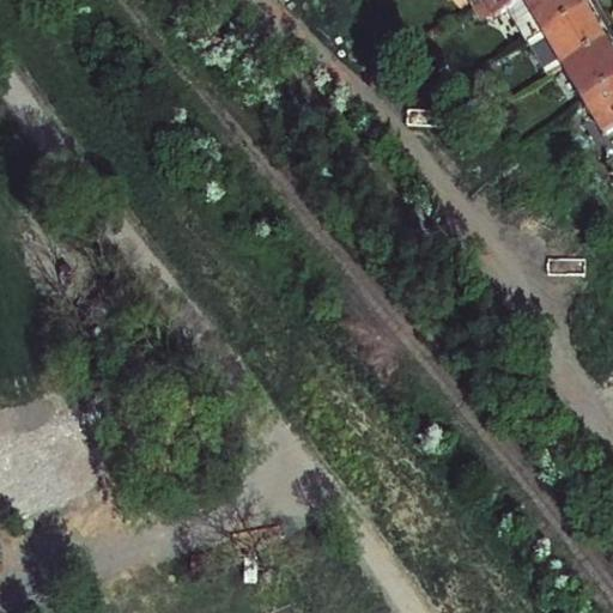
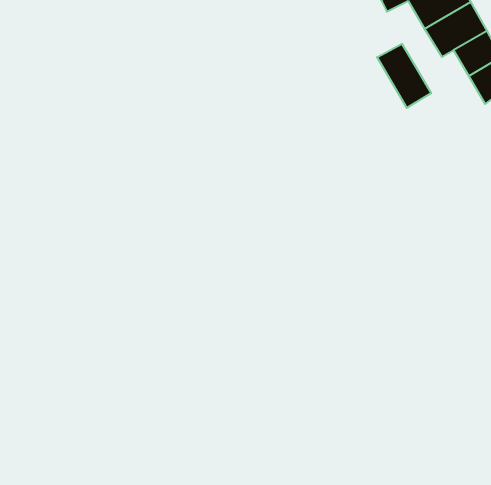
building: none -> [377,44,431,108]

